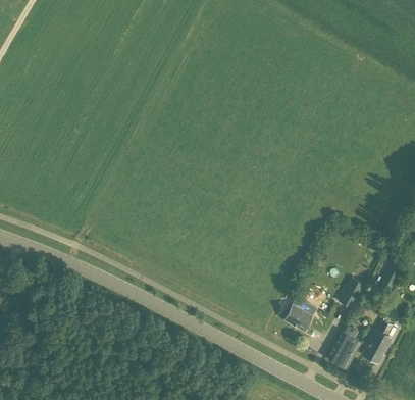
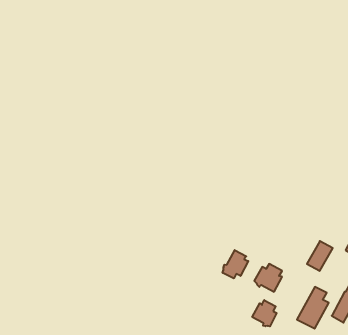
building: none -> [223,250,248,278]
building: none -> [252,300,277,326]

